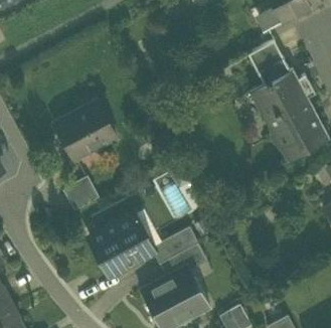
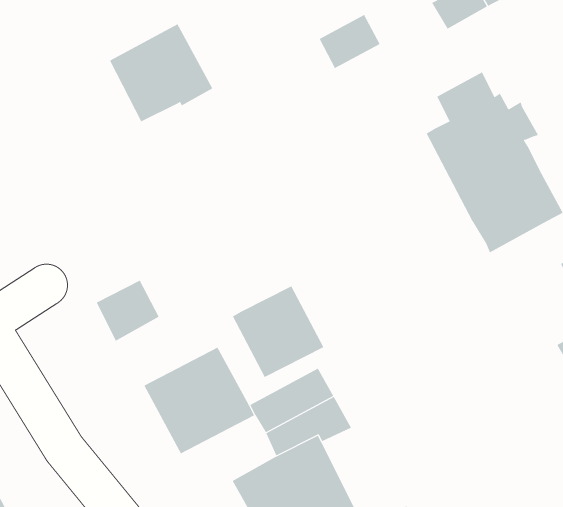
building: [247,41,283,72] -> [319,14,381,69]
building: [56,102,116,158] -> [109,23,213,122]
building: none -> [232,286,324,378]

